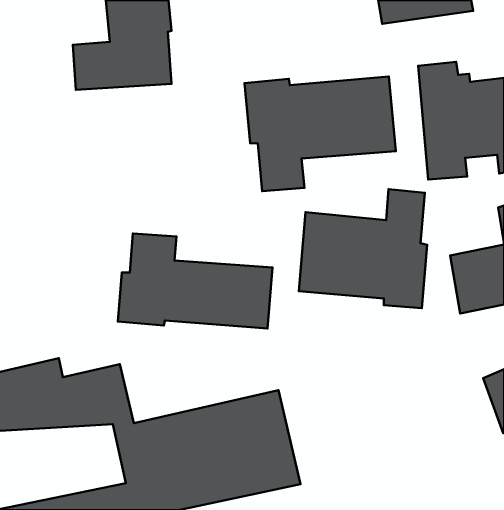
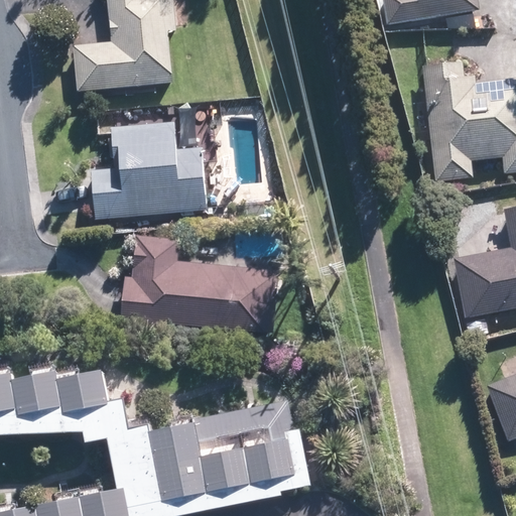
building: [245,76,396,191] -> none
building: none -> [91,123,205,220]
building: [299,189,427,308] -> none

